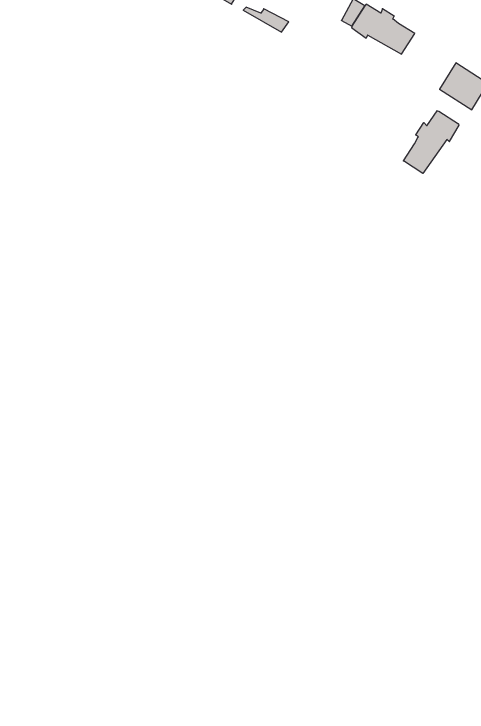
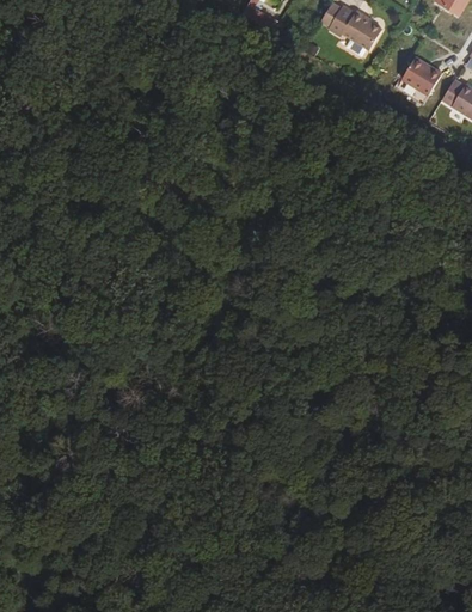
building: [403,111,459,173] -> none

